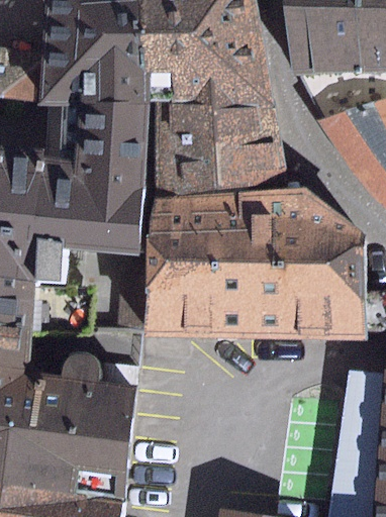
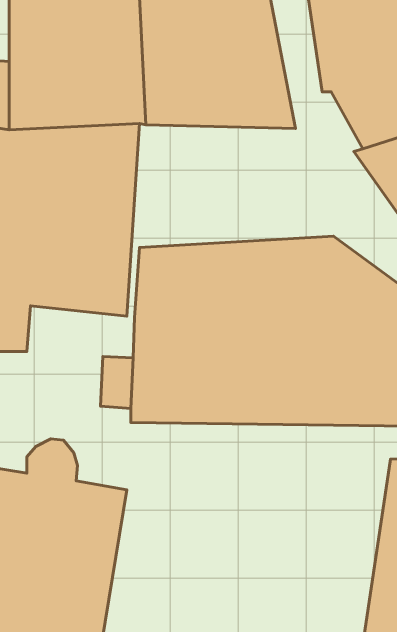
building: [150,101,304,199] -> none

